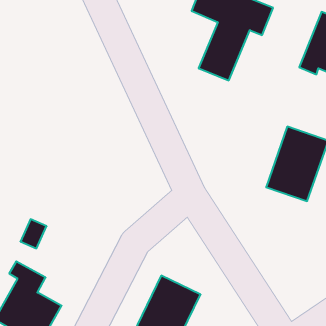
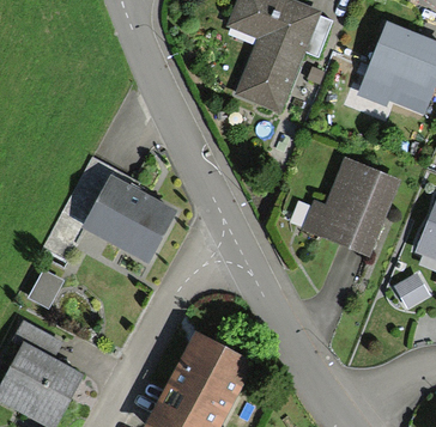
building: none -> [87,179,171,256]

